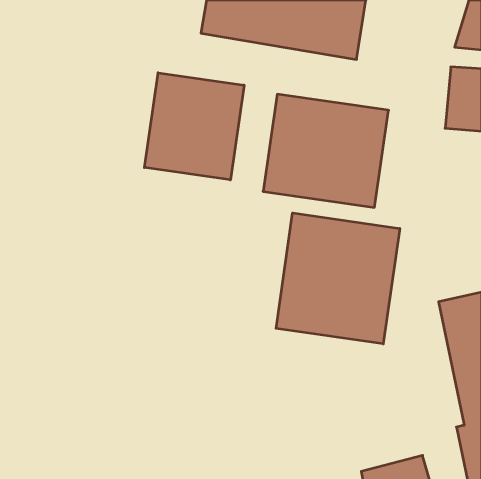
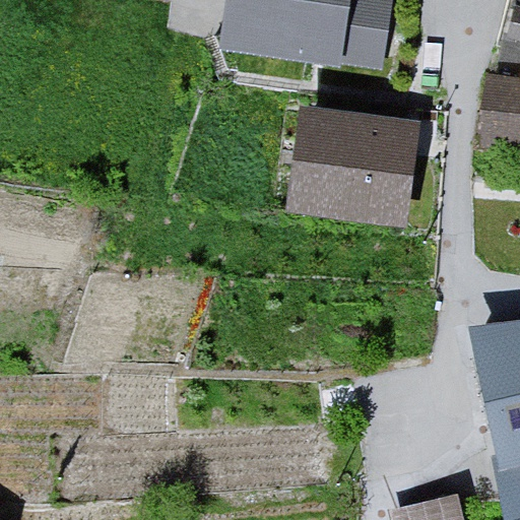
building: [144,73,244,180] -> none
building: [276,213,400,344] -> none

